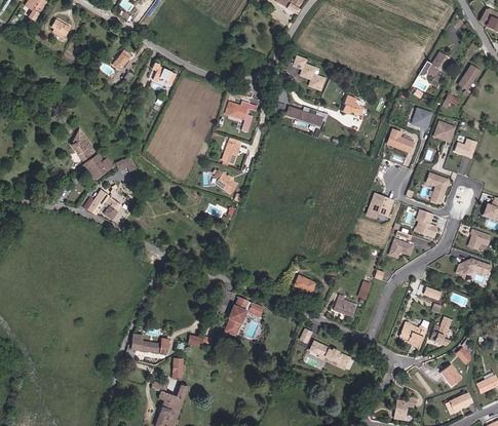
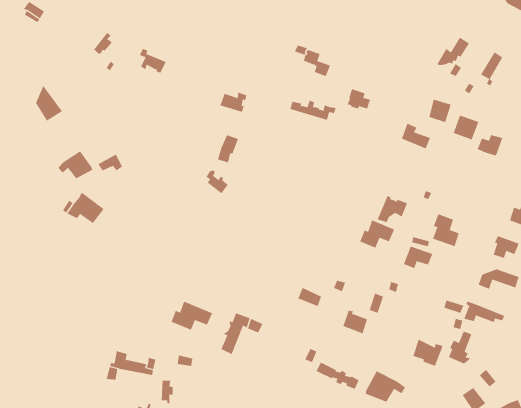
building: [73,128,98,161] -> [35,85,63,121]
building: [427,172,451,204] -> none
building: none -> [359,220,395,249]
building: none -> [171,301,213,330]
building: none -> [463,301,505,323]
building: none -> [365,370,406,402]

